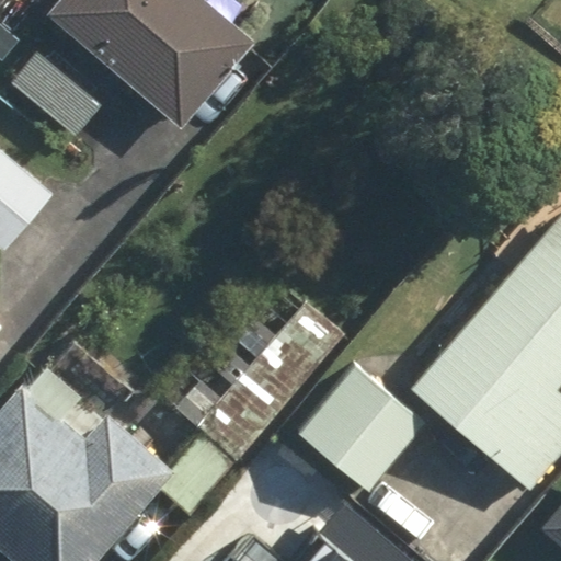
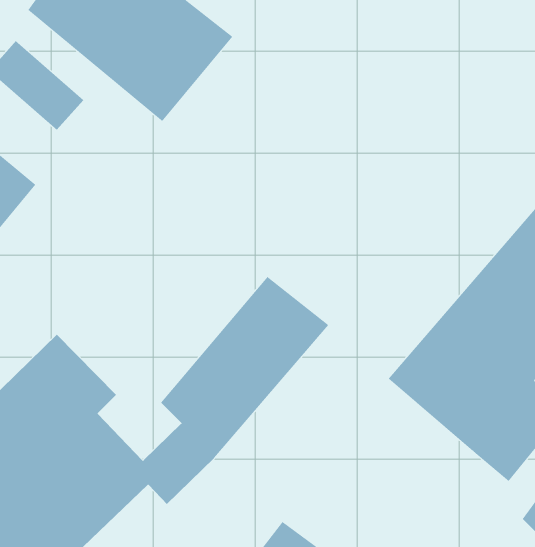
building: [298,364,426,492] -> none

